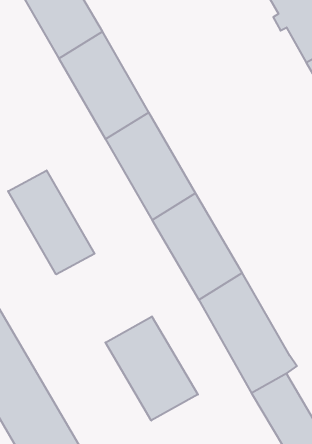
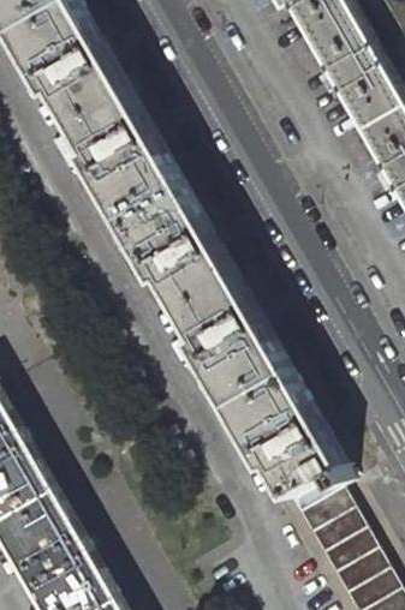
building: [8,170,95,274] -> none
building: [105,316,198,421] -> none

